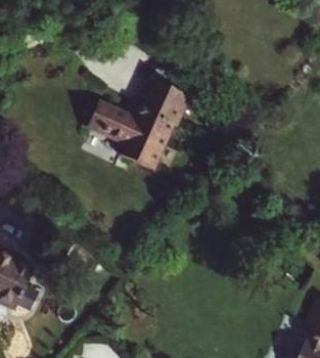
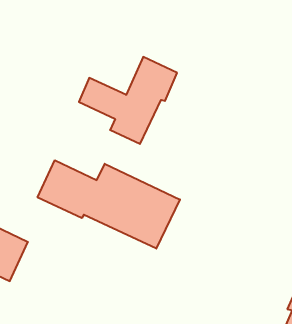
building: none -> [38,160,180,249]

